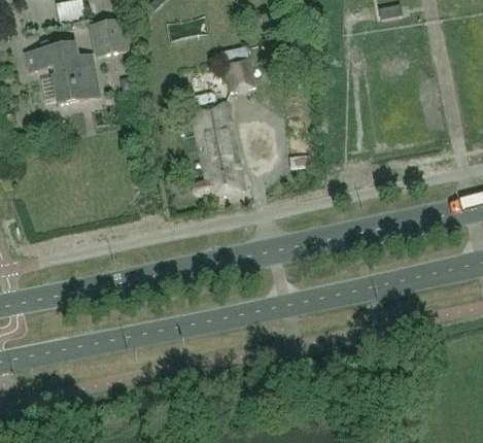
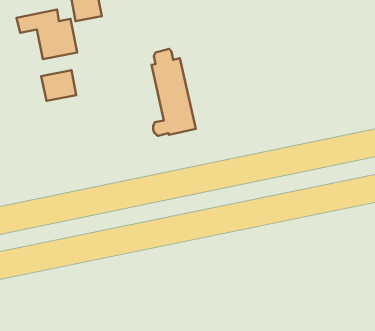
building: [223,56,254,91] -> none
building: none -> [41,70,76,101]

